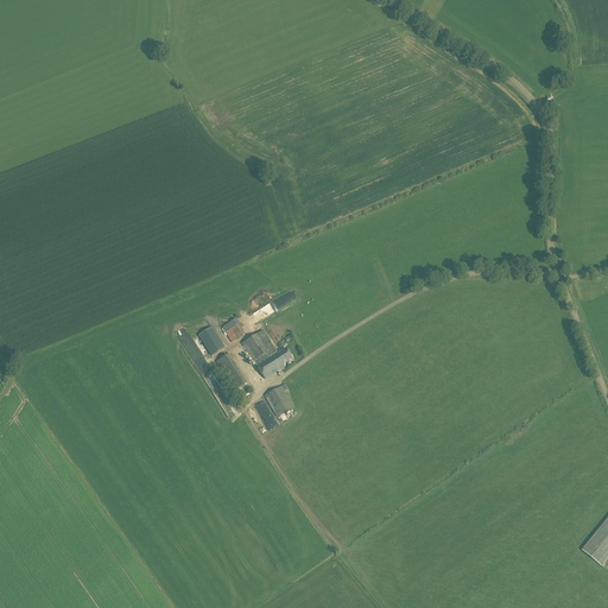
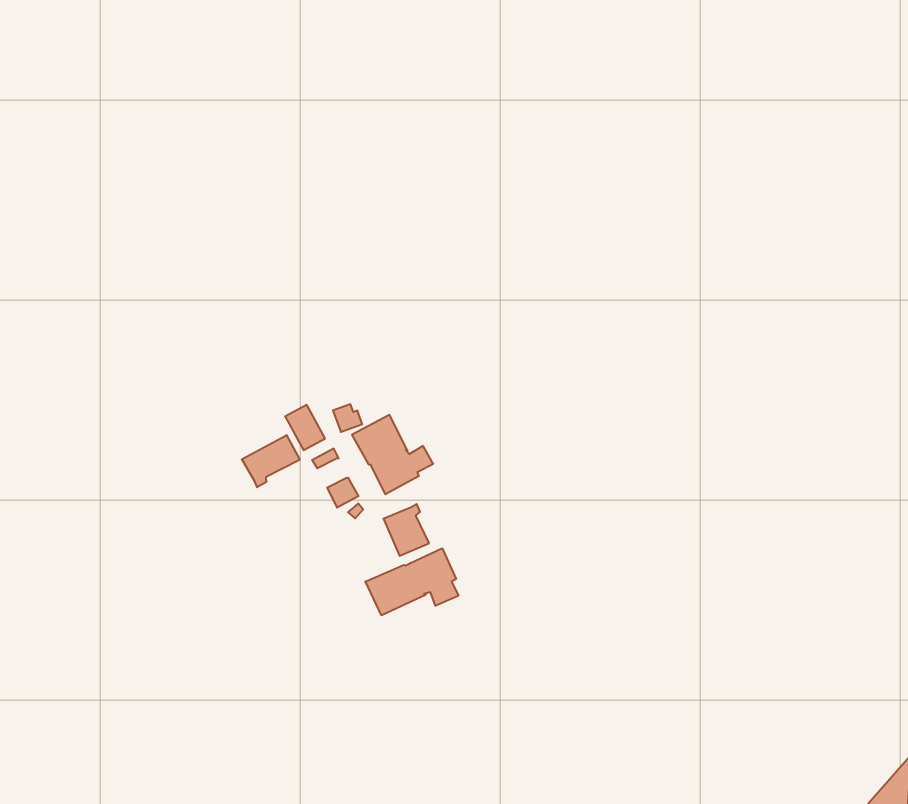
building: none -> [242,435,300,487]
building: none -> [365,548,458,615]

